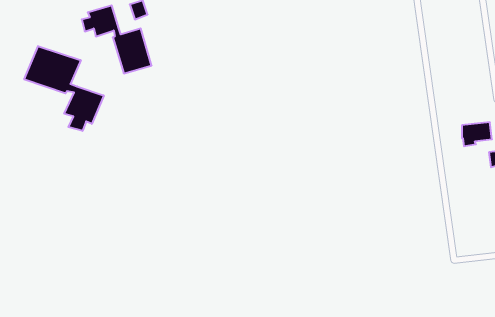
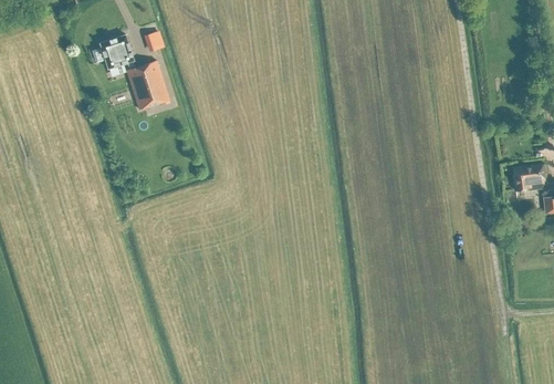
building: [24,46,104,131] -> none

